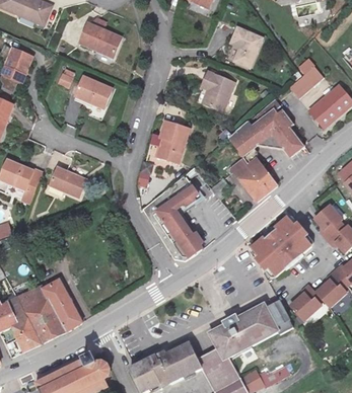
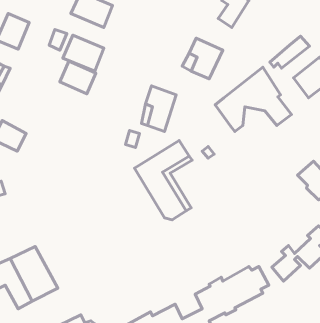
building: [231,160,276,204] -> none
building: [48,163,86,194] -> none
building: [252,213,311,271] -> none
building: [45,276,84,326] -> none

